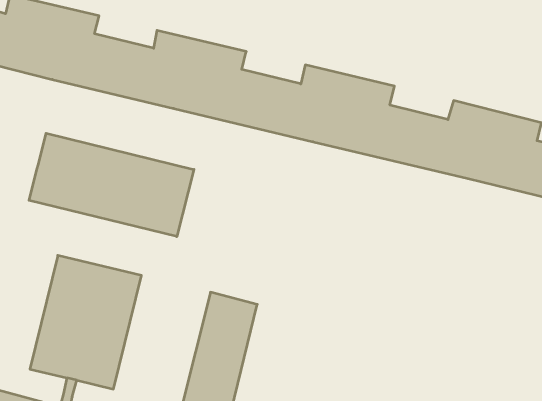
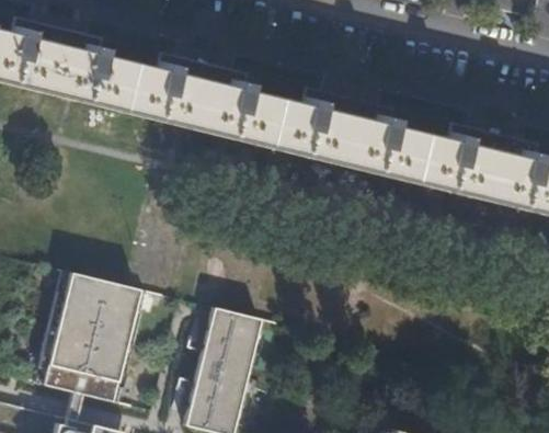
building: [29,133,194,237] -> none

